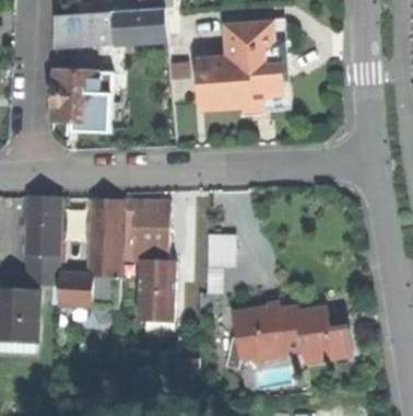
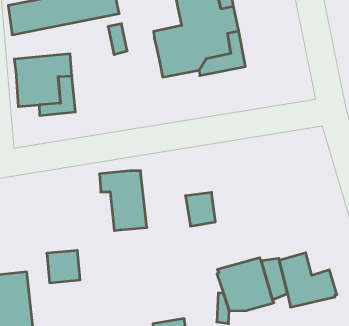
building: [25,195,61,285] -> none
building: [90,198,122,276] -> none
building: [139,259,175,335] -> none

